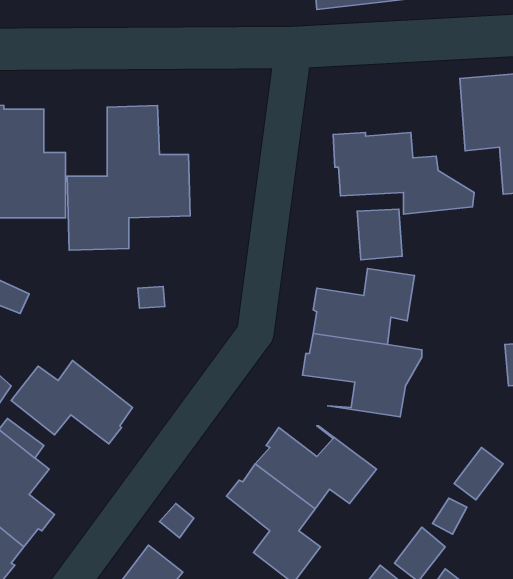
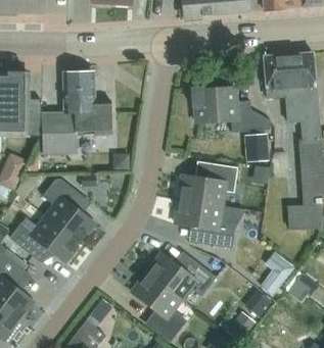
building: [357,209,402,260] -> [244,133,270,161]
building: none -> [43,180,95,243]

